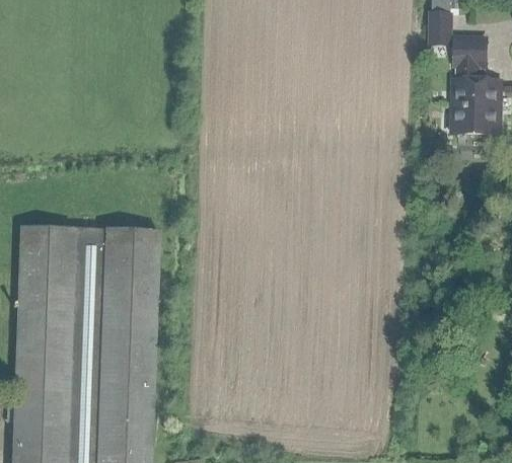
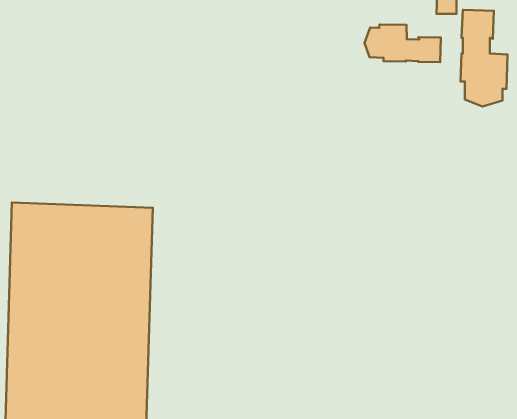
building: none -> [364,24,441,62]

